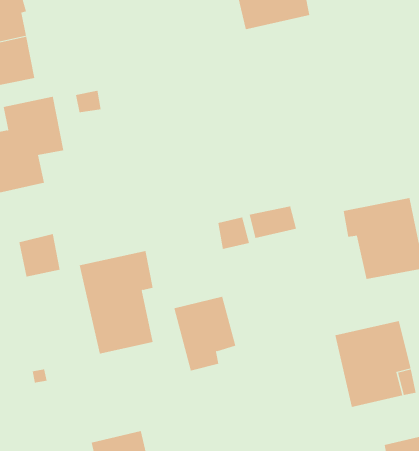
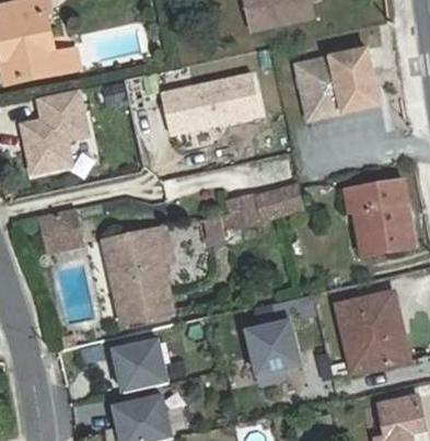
building: none -> [298,51,374,118]
building: none -> [159,71,262,138]
building: [173,296,236,371] -> [243,318,300,386]
building: none -> [111,338,167,395]

